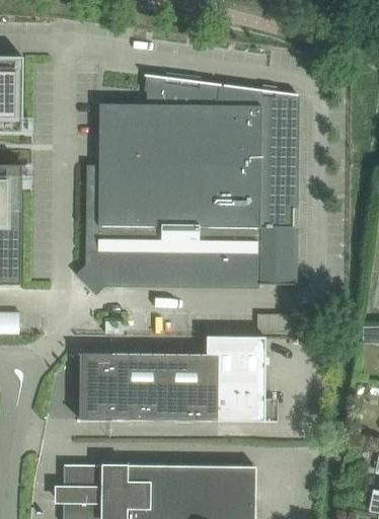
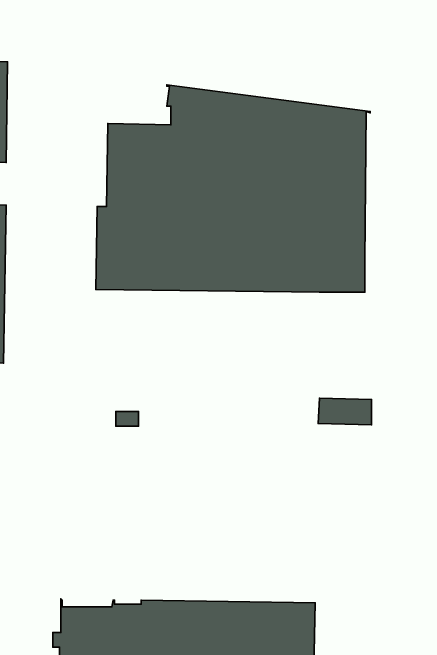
building: [82,230,296,289] -> none
building: [81,337,266,422] -> none

